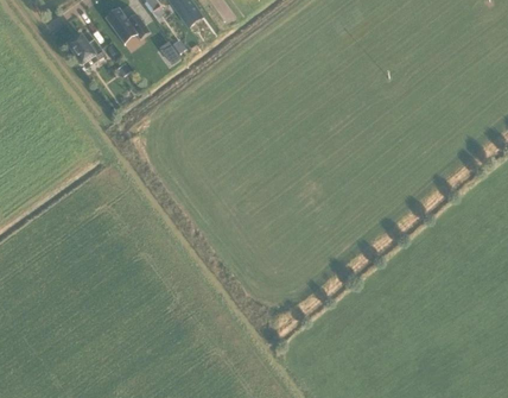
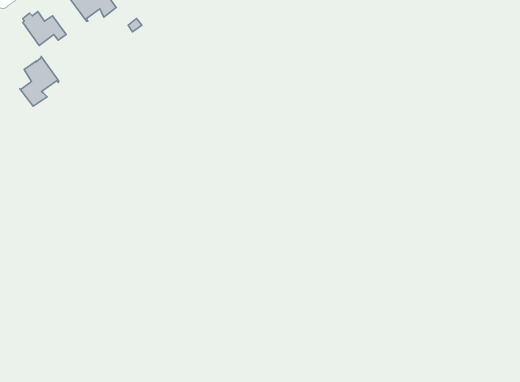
building: none -> [20,56,59,106]

